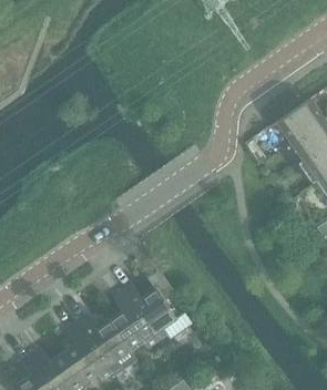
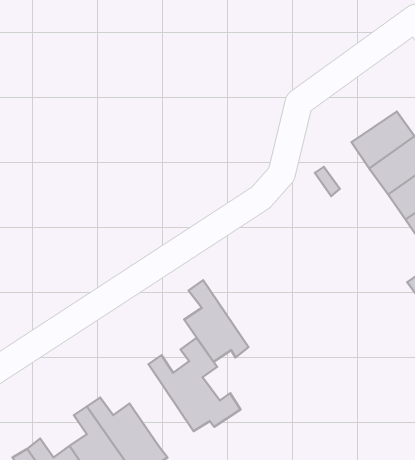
building: [109,290,157,352] -> [184,280,249,362]

